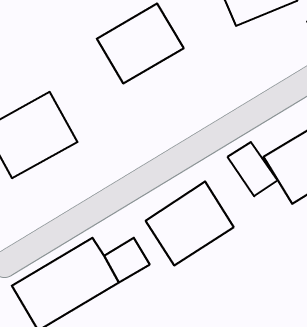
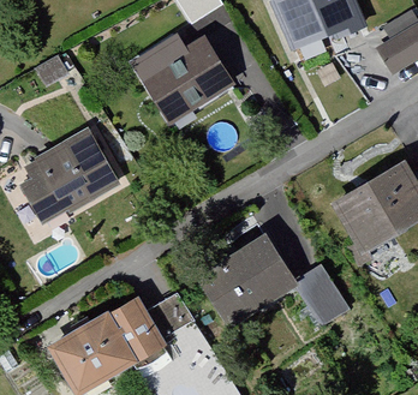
building: [228,142,278,196] -> [297,268,353,329]

